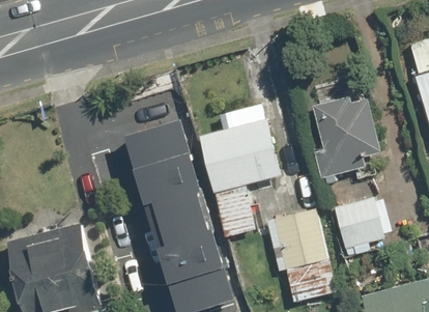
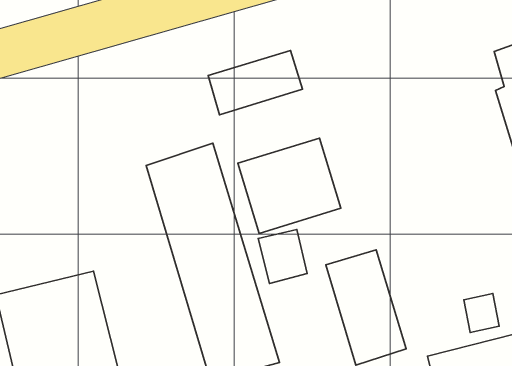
building: none -> [208,50,303,115]
building: [314,93,380,179] -> none
building: [330,192,392,254] -> none

